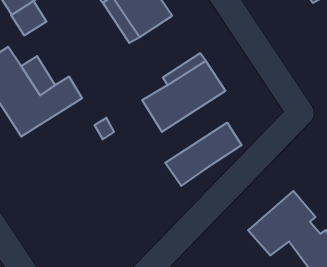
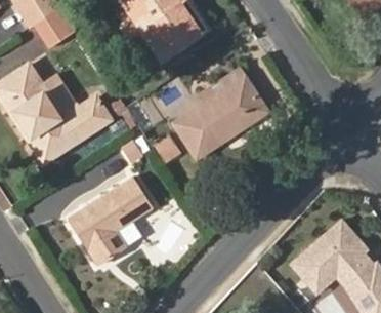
building: [165,123,242,186] -> none
building: none -> [70,178,151,263]

